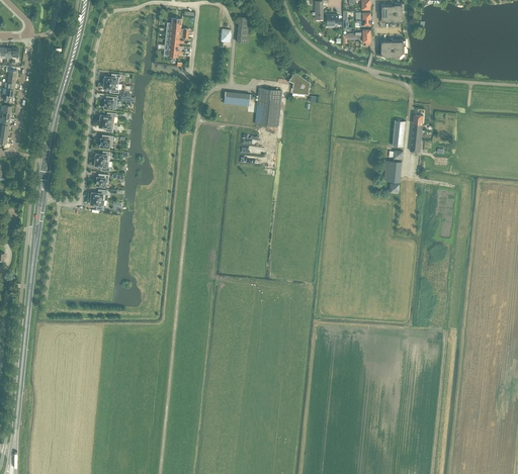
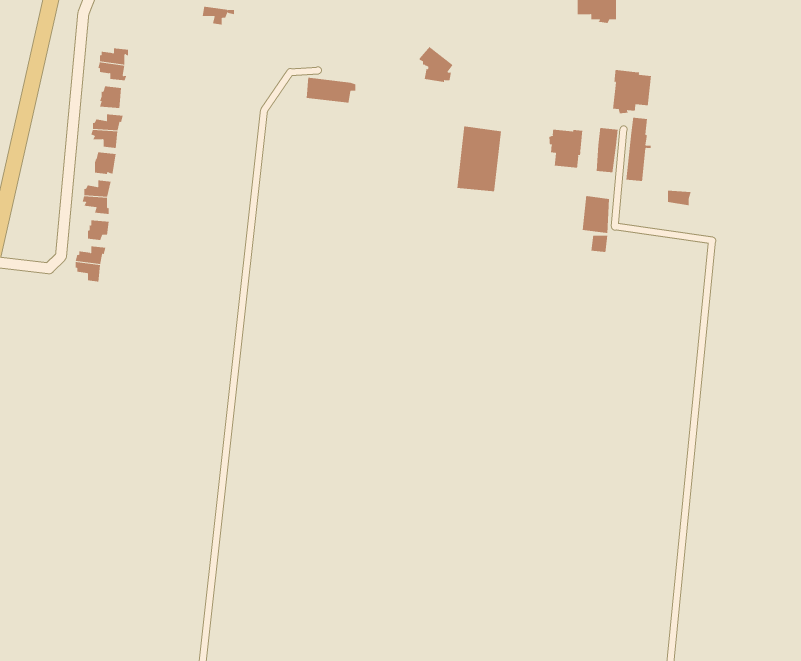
building: none -> [612,69,651,114]
building: [254,88,280,126] -> [457,126,502,192]
building: none -> [549,129,583,169]

